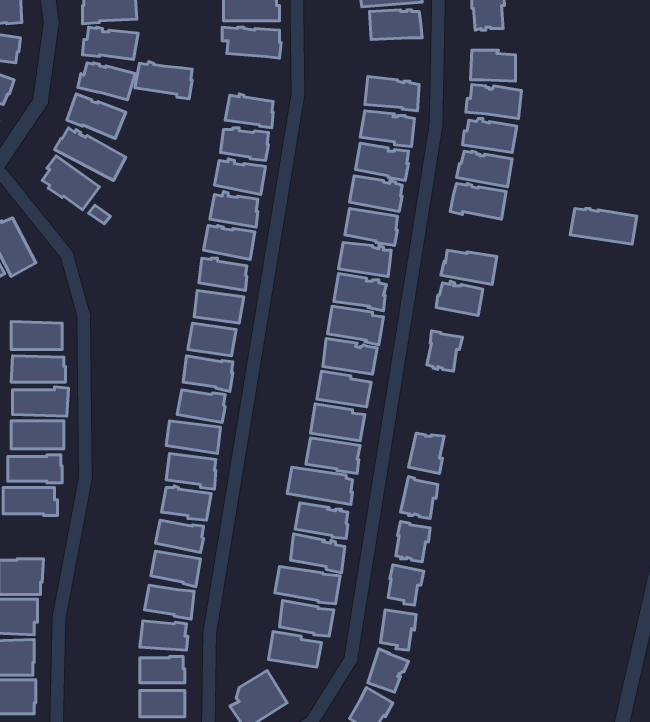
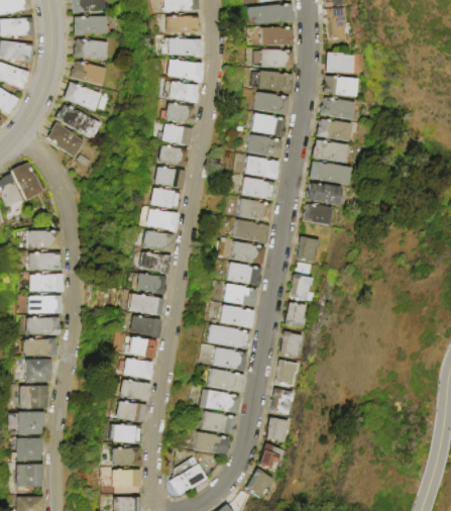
building: none -> [259,48,293,68]
building: [135,61,192,99] -> [164,59,202,83]
building: [570,208,637,244] -> [309,162,352,185]
building: none -> [291,274,318,303]
building: none -> [24,359,51,381]

